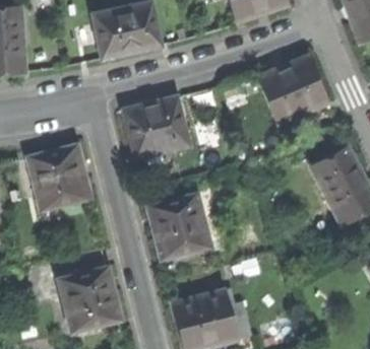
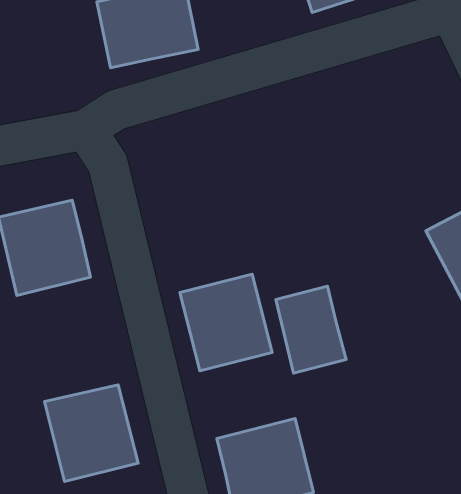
building: [259,57,327,123] -> none
building: [125,97,189,158] -> none
building: none -> [276,286,346,373]

